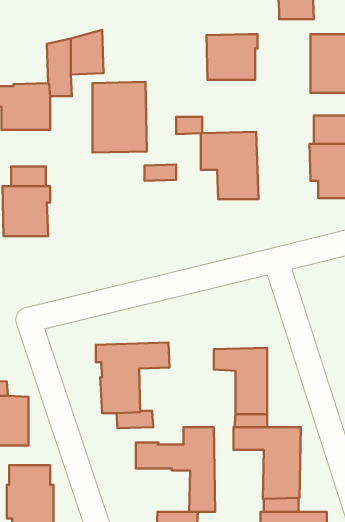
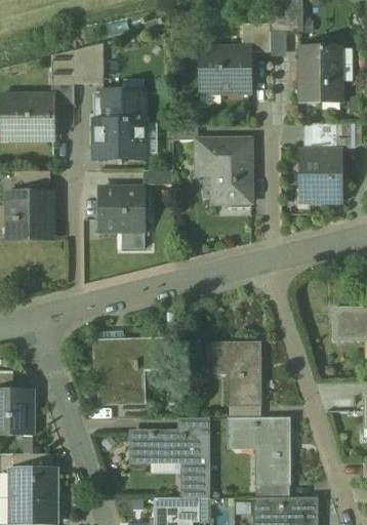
building: none -> [242,25,271,53]
building: none -> [99,189,145,231]

